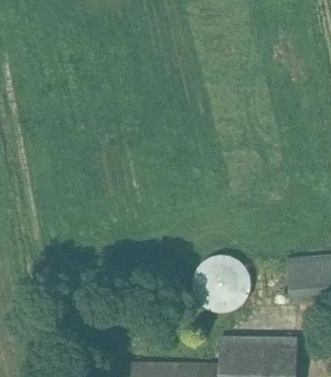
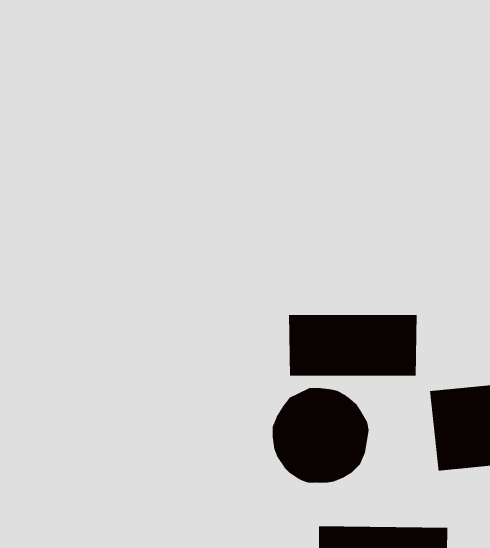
building: none -> [288,314,417,376]

